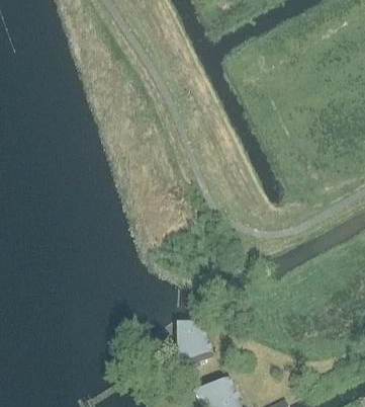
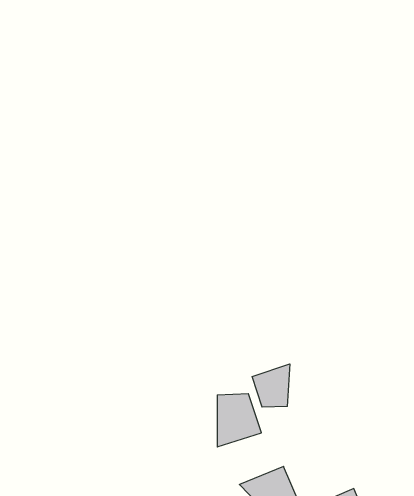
building: none -> [252,364,290,407]

